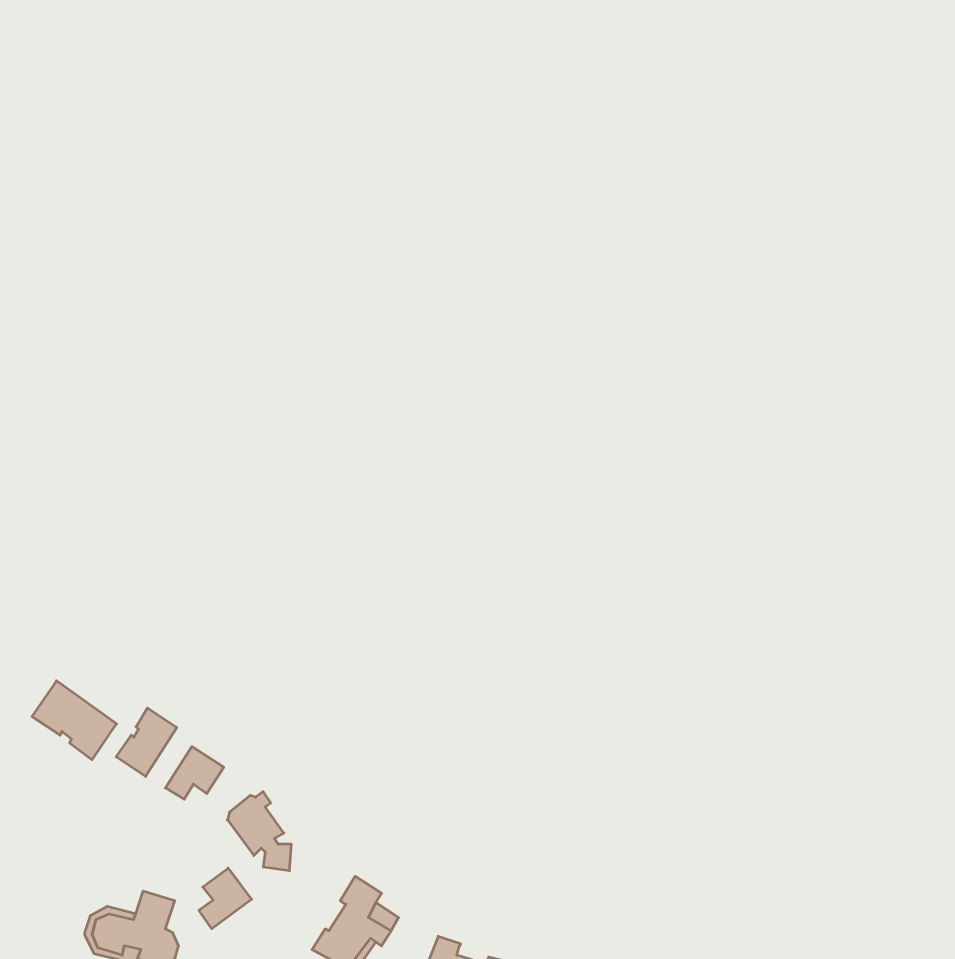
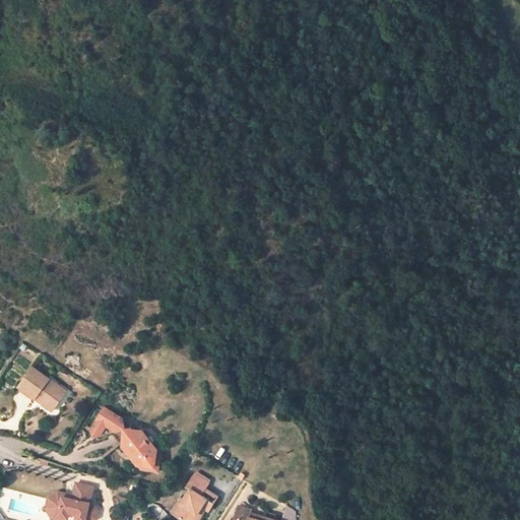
building: [116,708,177,777] -> none
building: [199,868,252,929] -> none

